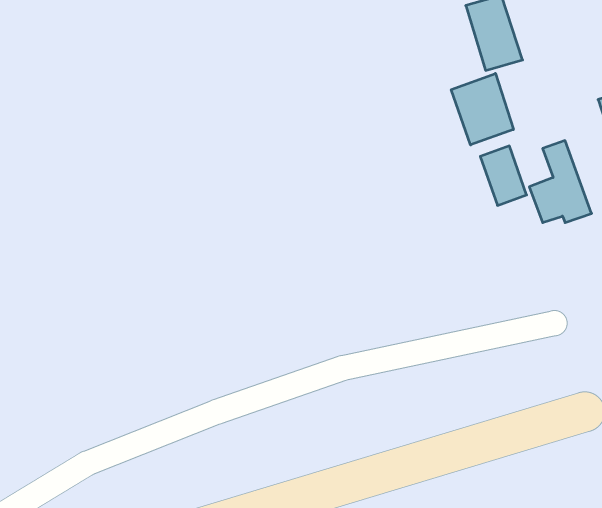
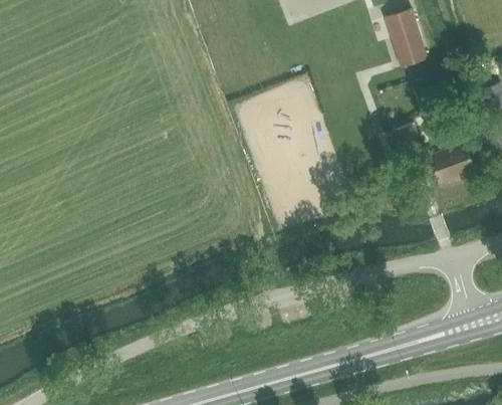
building: [451,73,513,145] -> none

